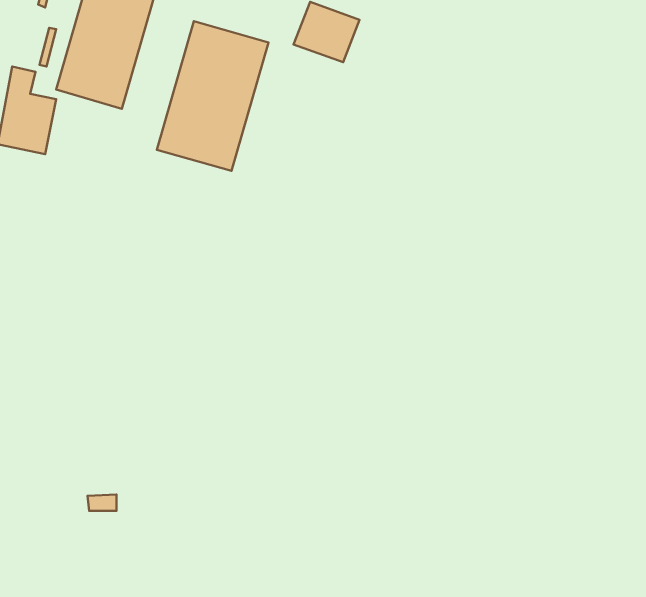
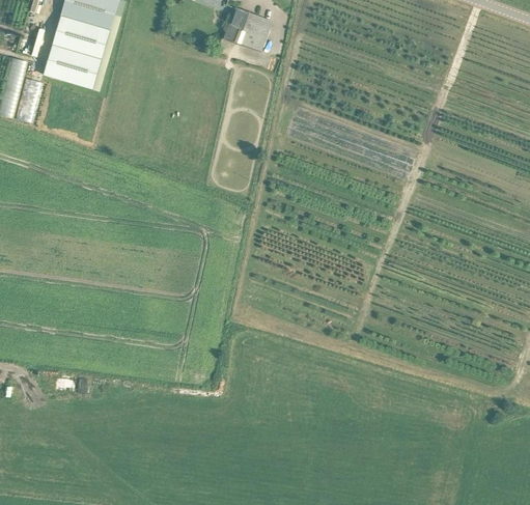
building: [157,21,269,171] -> none

